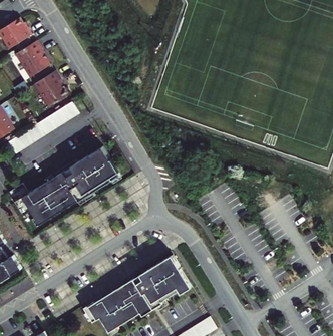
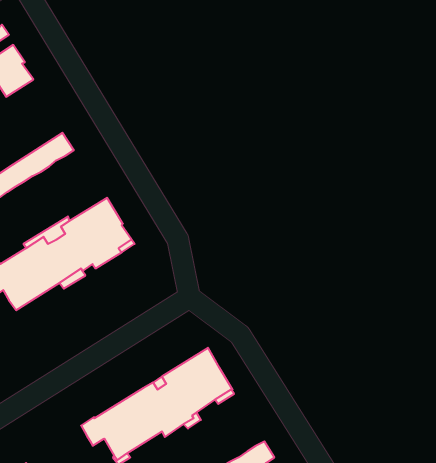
building: [34,70,68,107] -> none

